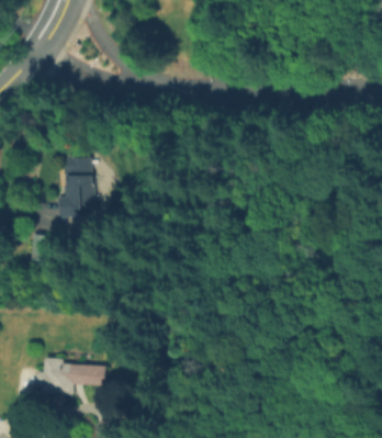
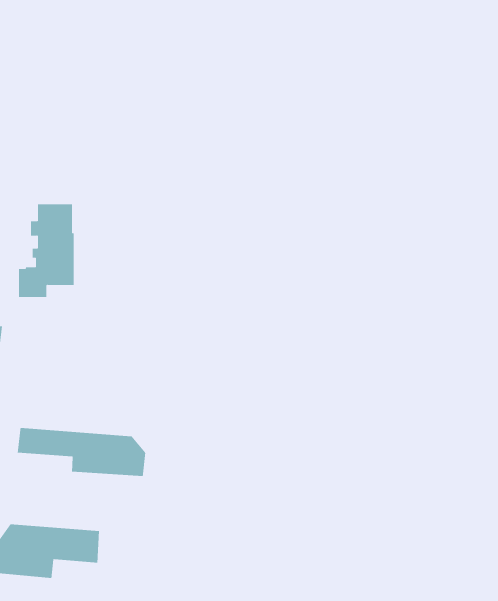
building: none -> [17,427,146,477]

